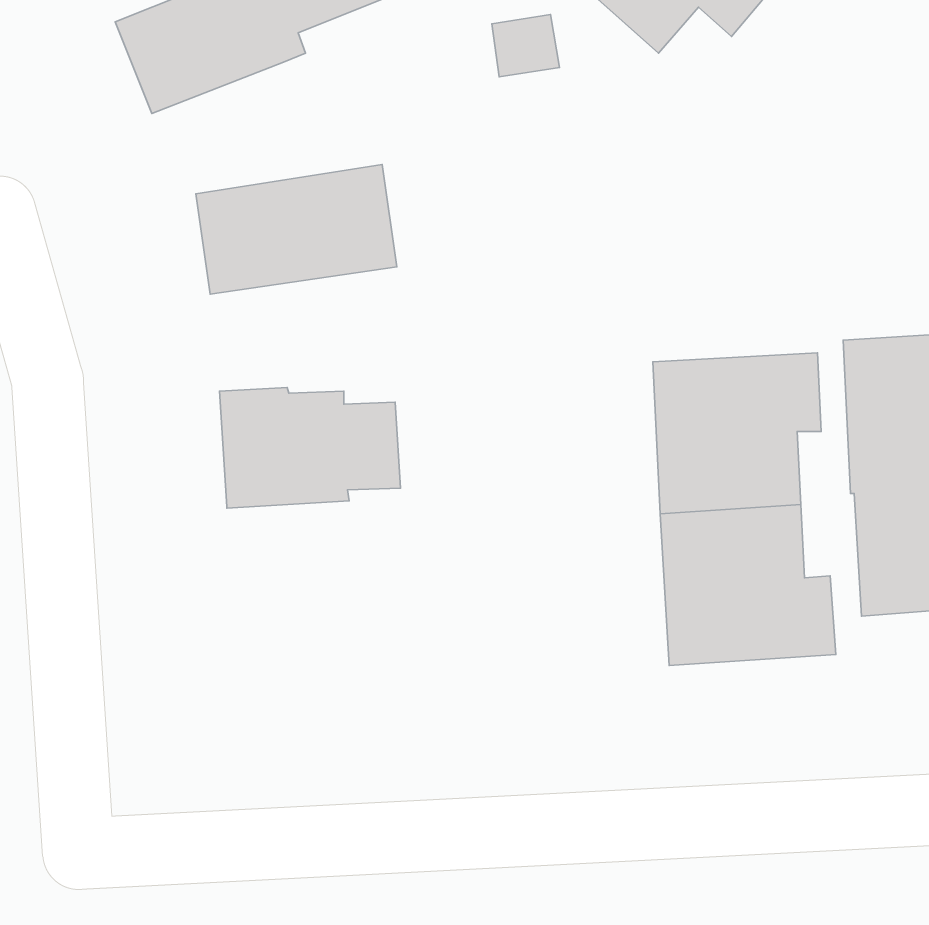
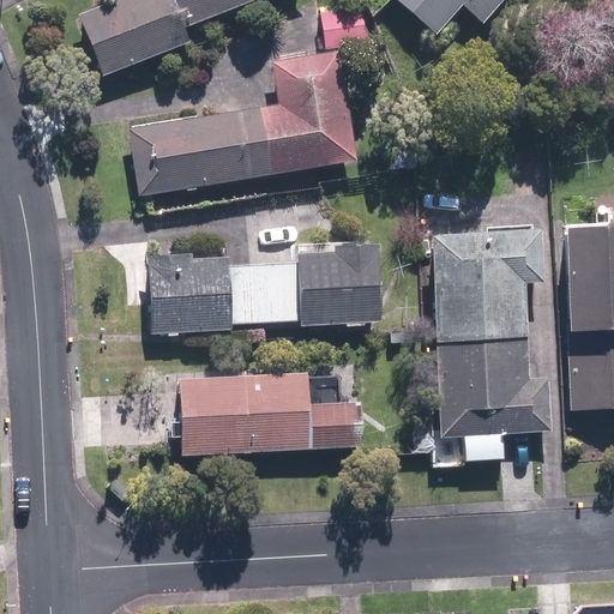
building: none -> [254,52,356,175]
building: none -> [263,243,383,325]
building: none -> [177,372,361,455]

